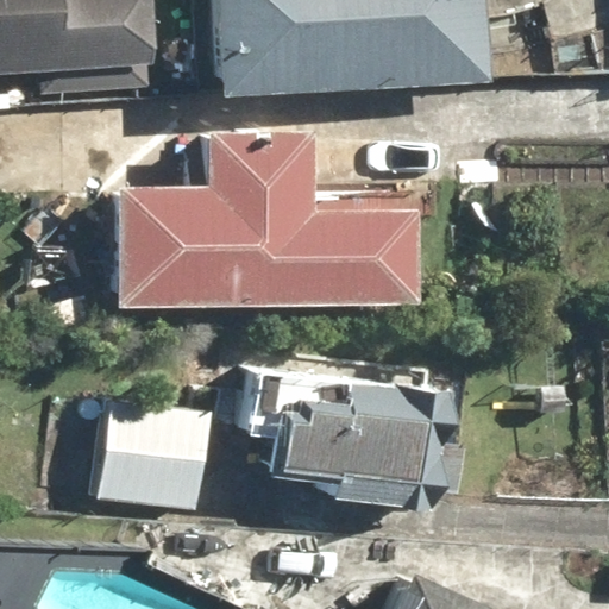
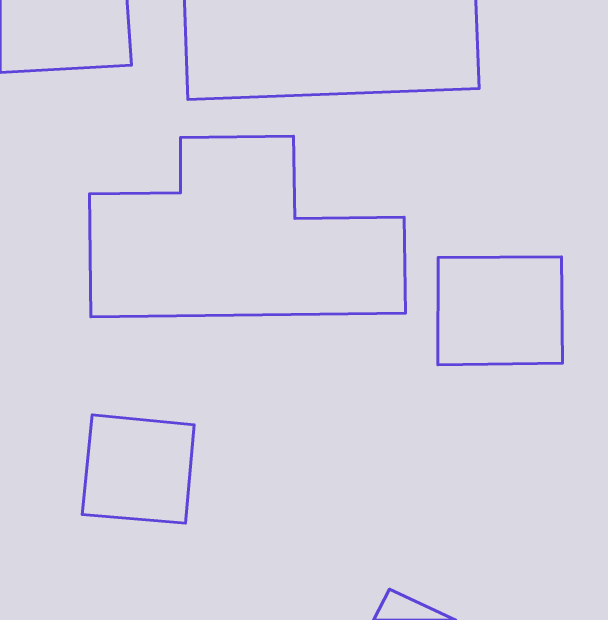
building: none -> [438,257,563,365]
building: [233,375,458,508] -> none

